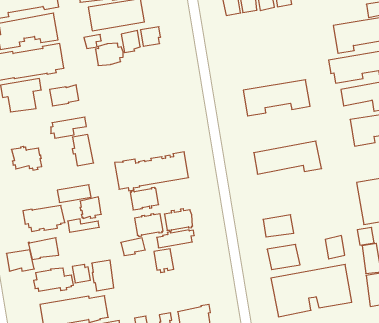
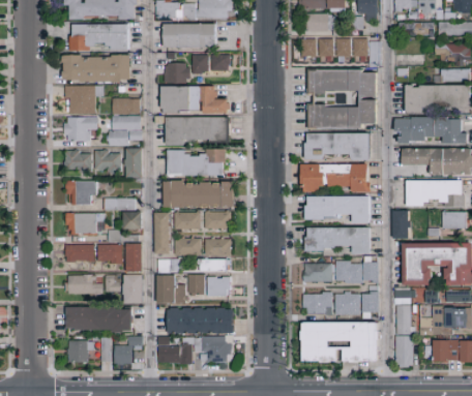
building: none -> [306,68,374,127]
building: none -> [163,88,232,115]
building: none -> [167,119,231,147]
building: none -> [112,116,141,131]
building: none -> [299,162,366,191]
building: none -> [64,119,98,143]
building: none -> [168,151,228,177]
building: none -> [95,151,122,176]
building: none -> [390,210,407,238]
building: none -> [303,225,367,254]
building: none -> [66,182,97,207]
building: none -> [205,212,231,232]
building: none -> [155,214,172,255]
building: none -> [332,261,376,282]
building: none -> [127,245,143,274]
building: none -> [332,293,357,314]
building: none -> [207,278,231,298]
building: [6,250,34,271] -> [98,246,123,266]
building: none -> [158,277,188,305]
building: none -> [169,309,235,336]

